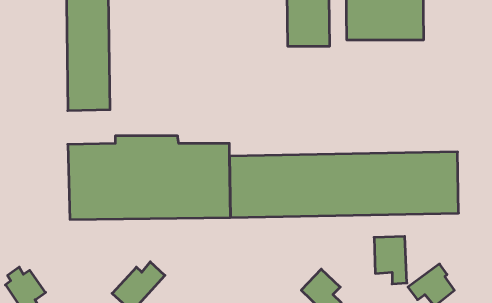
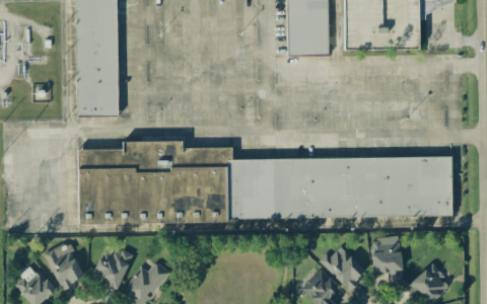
building: none -> [45,242,84,289]
building: none -> [320,246,367,291]
building: none -> [91,249,133,289]

